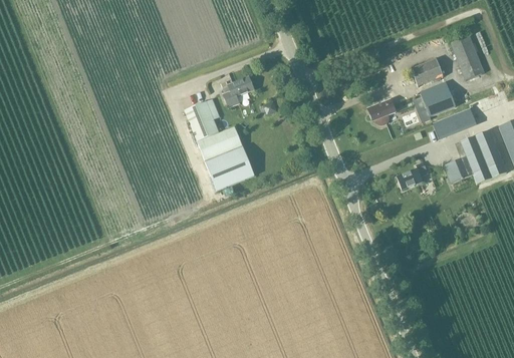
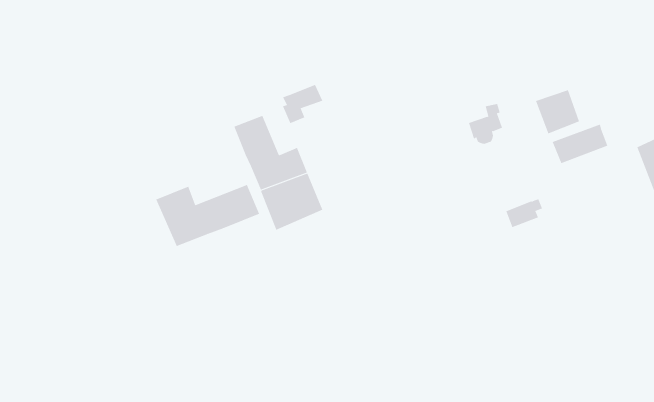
building: [451,35,484,79] -> none
building: [411,58,444,88] -> none
building: [444,129,507,184] -> none
building: none -> [155,184,260,247]

